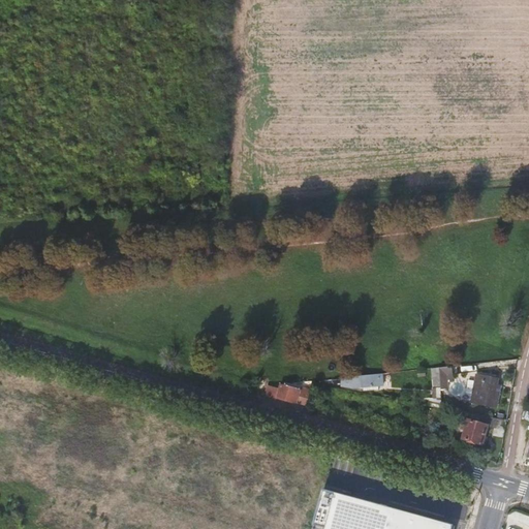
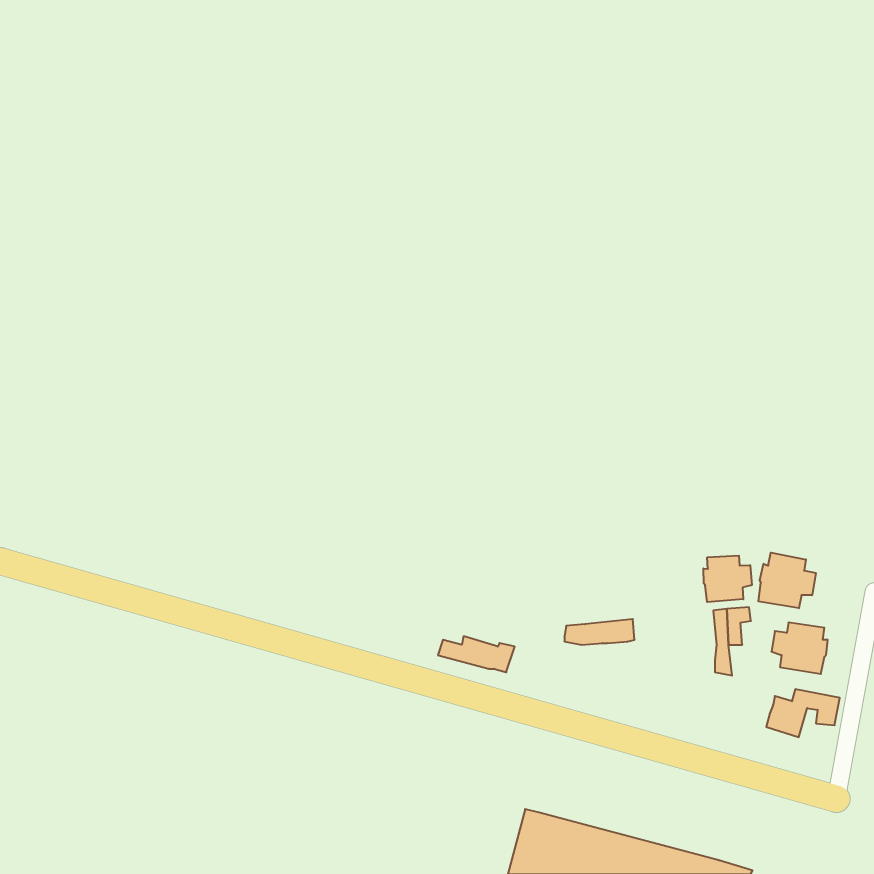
building: none -> [758,553,816,608]
building: none -> [703,556,752,602]

